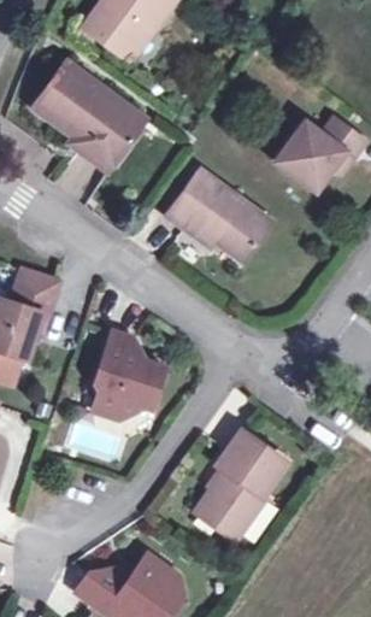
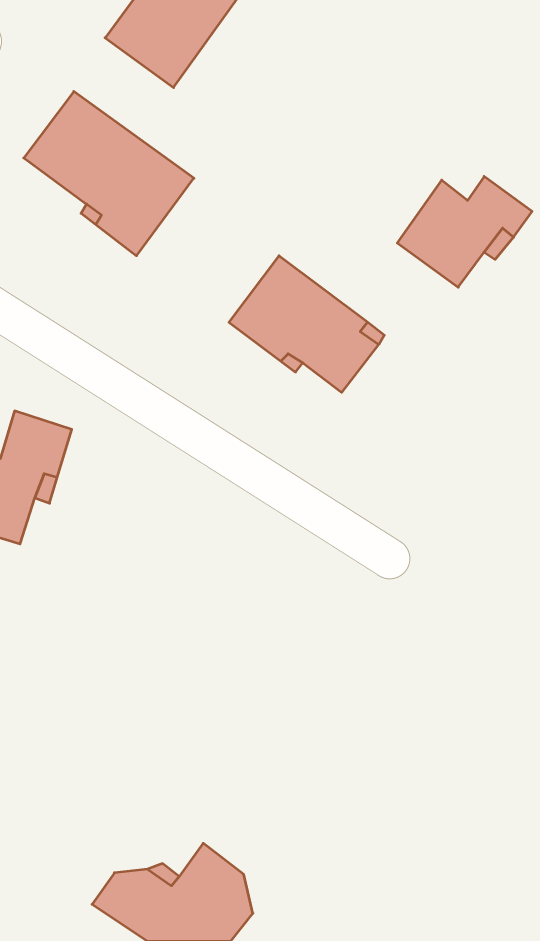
building: [92,329,164,418] -> none
building: [195,428,285,537] -> none

